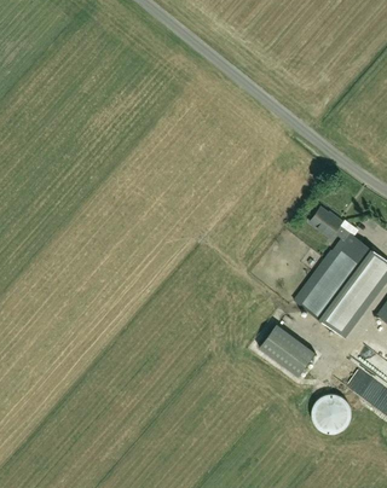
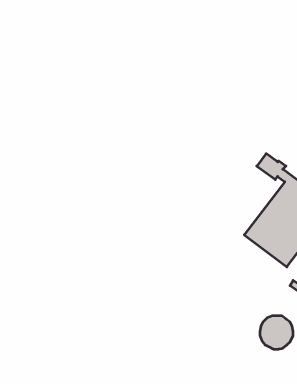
building: [259,324,314,376] -> none

